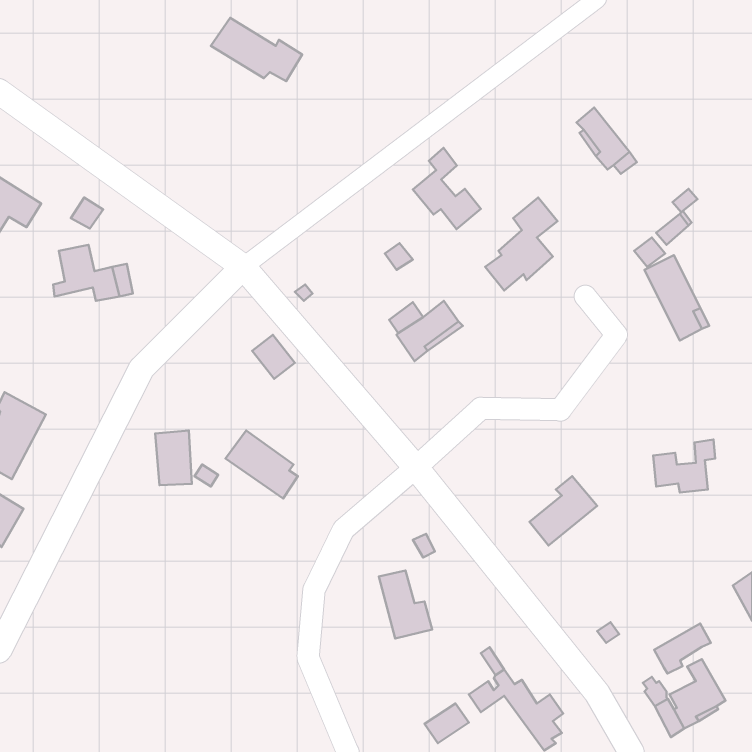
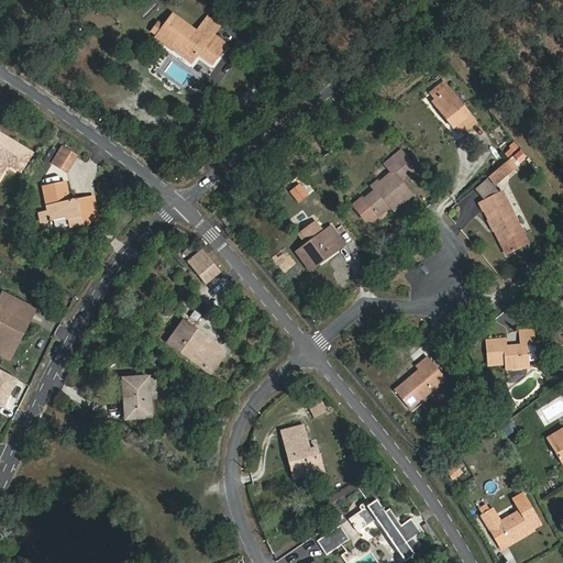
building: [413,148,481,229] -> none
building: [155,431,192,485] -> [123,377,151,418]
building: [654,624,711,673] -> none

